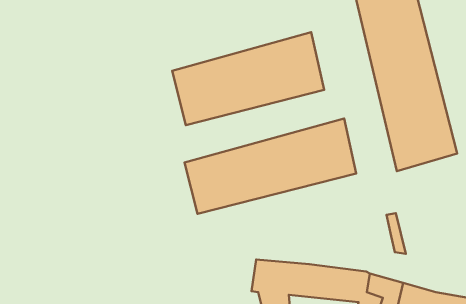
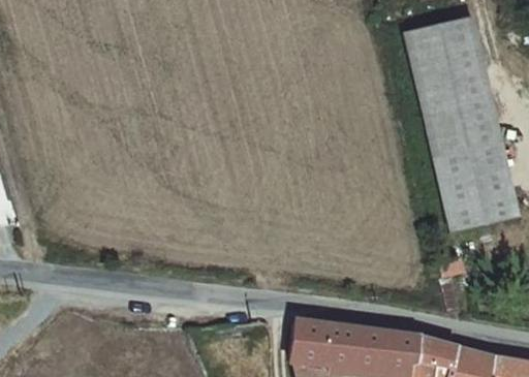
building: [172,32,324,125] -> none
building: [184,119,356,214] -> none

